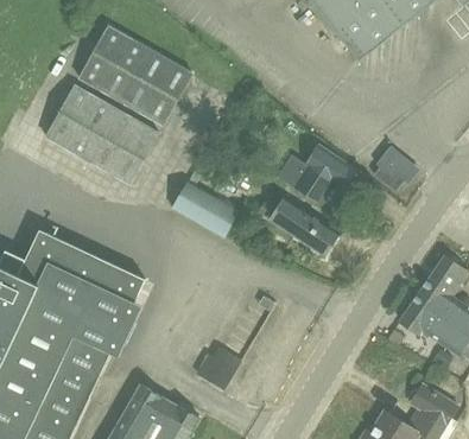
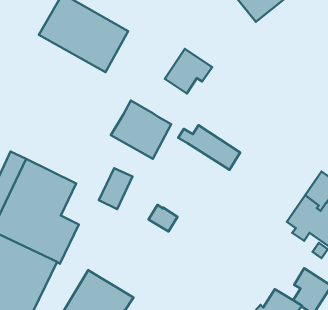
building: [46,87,159,185] -> none
building: [369,144,418,192] -> none
building: [293,146,355,204] -> [165,49,212,94]
building: [106,272,150,325] -> [99,168,133,209]
building: [197,355,235,389] -> [148,205,178,231]

